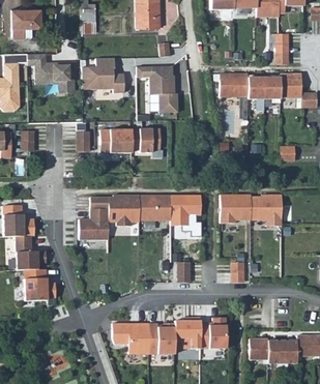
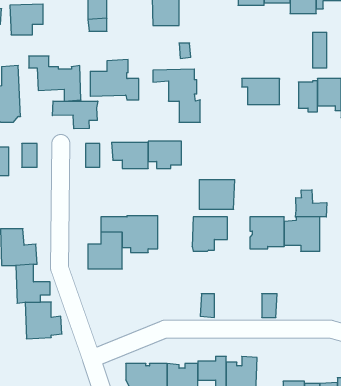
building: [246,75,263,102] -> none
building: none -> [52,101,98,129]
building: none -> [295,190,327,217]
building: [140,195,171,220] -> [199,180,235,209]

